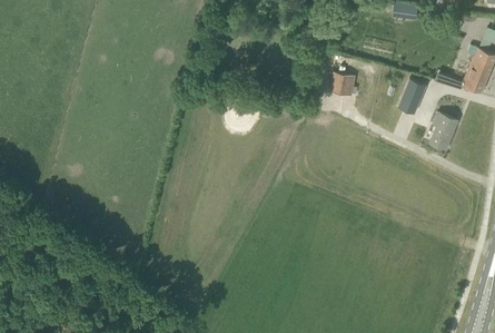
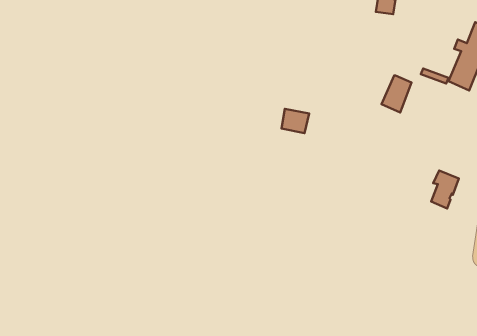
building: [329,71,356,95] -> [281,109,309,133]
building: [430,111,457,148] -> [431,170,459,209]

